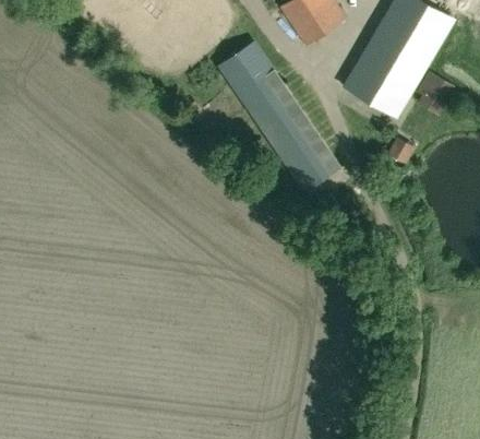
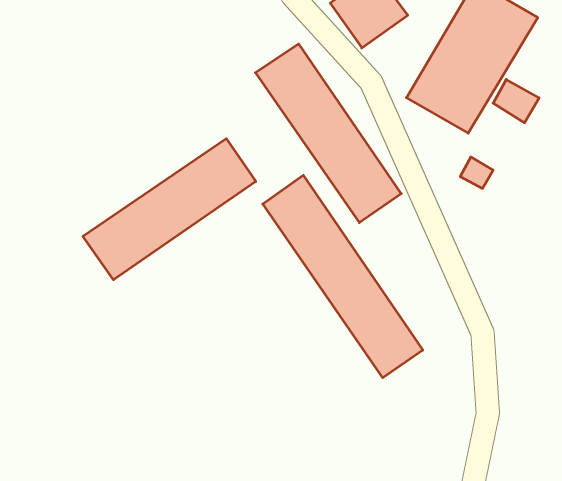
building: none -> [83,139,256,280]
building: none -> [263,175,423,378]

